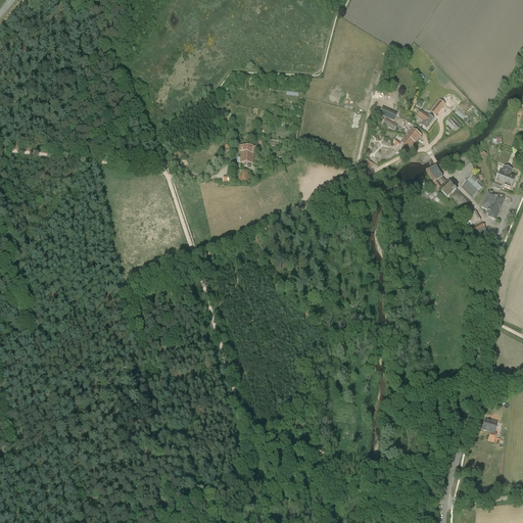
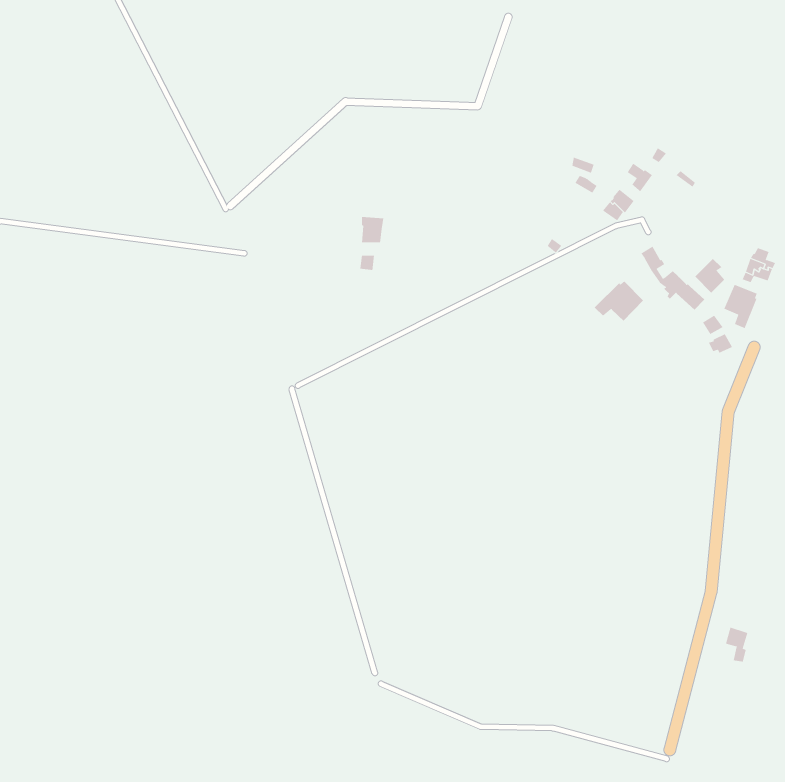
building: none -> [594,280,644,322]

